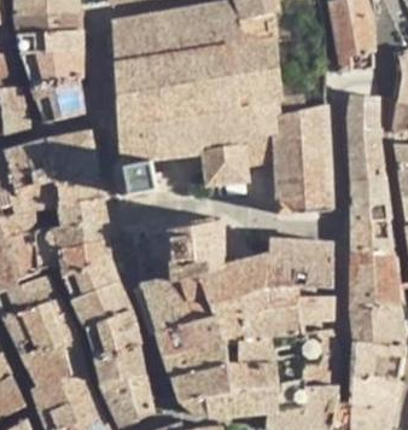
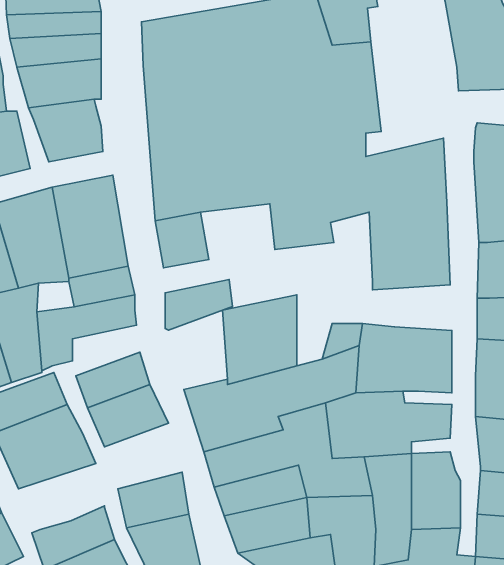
building: [62,239,110,275] -> [165,279,233,330]
building: [84,309,140,356] -> none
building: [23,338,84,385] -> none

